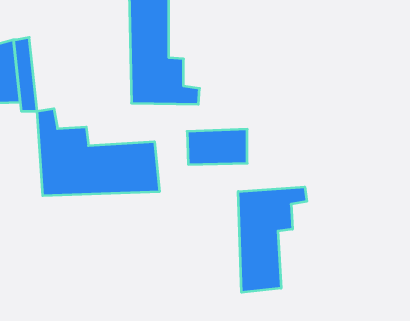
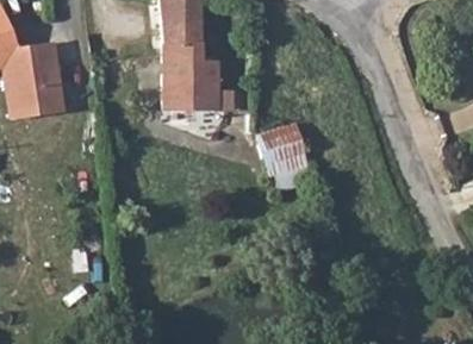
building: [37,109,159,196] -> none
building: [238,187,307,292] -> none

